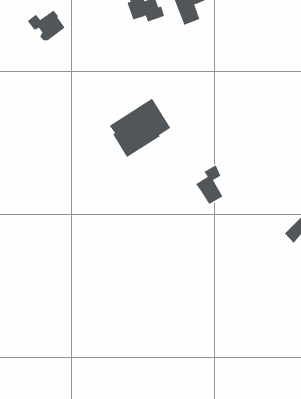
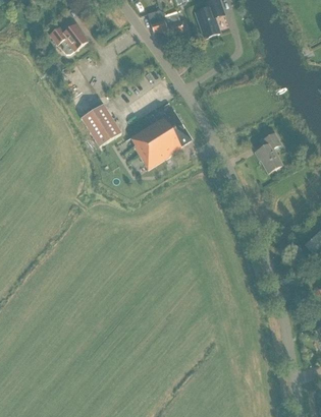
building: none -> [81,103,121,145]
building: [195,164,223,205] -> [255,132,282,172]

